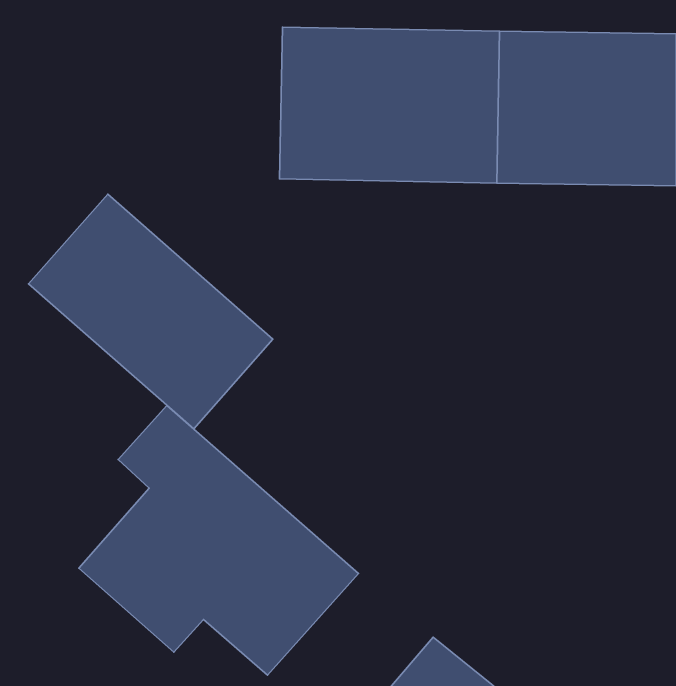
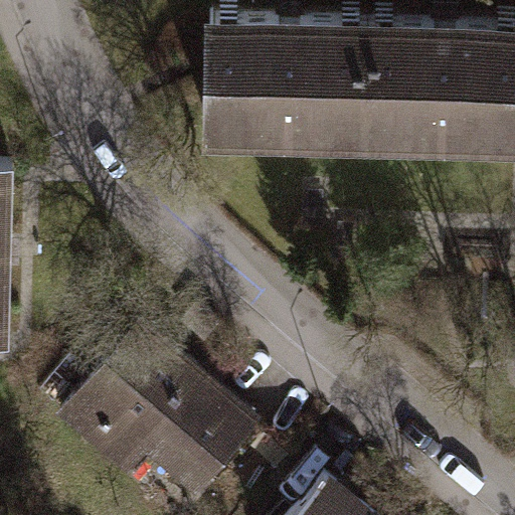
building: [29,194,273,429] -> none

